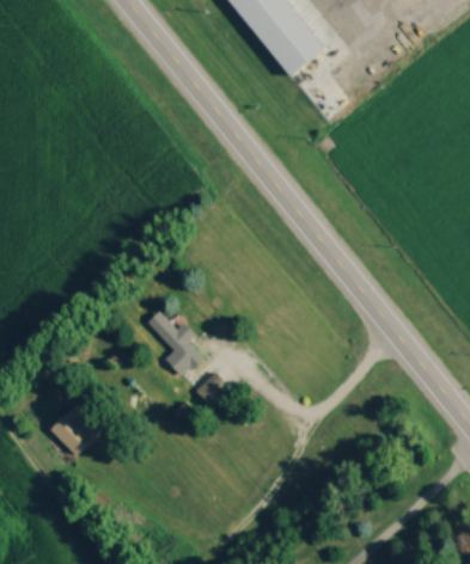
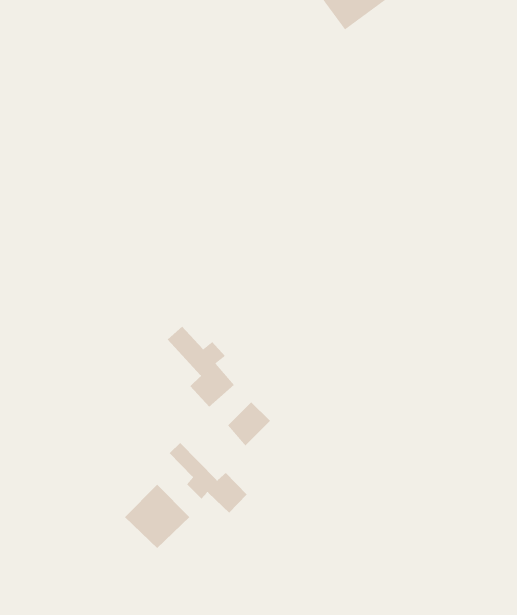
building: none -> [169,442,248,513]
building: [49,403,102,454] -> [124,484,190,549]

